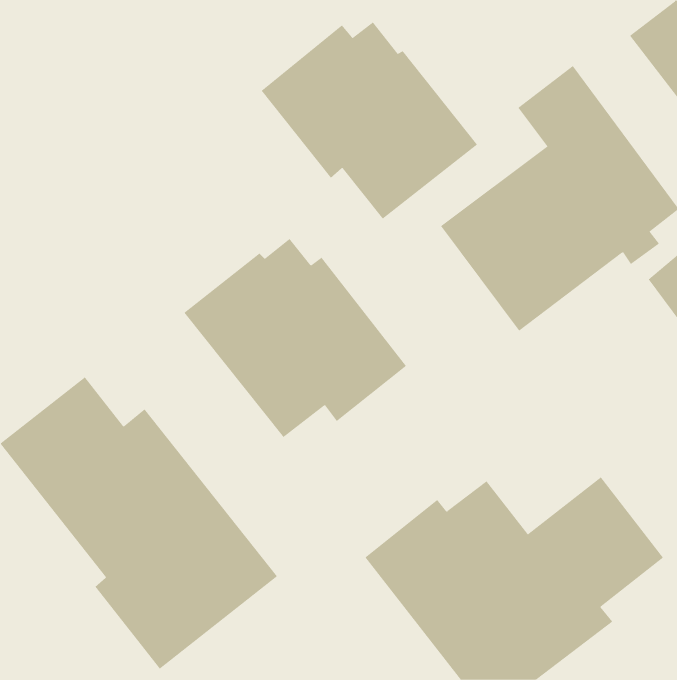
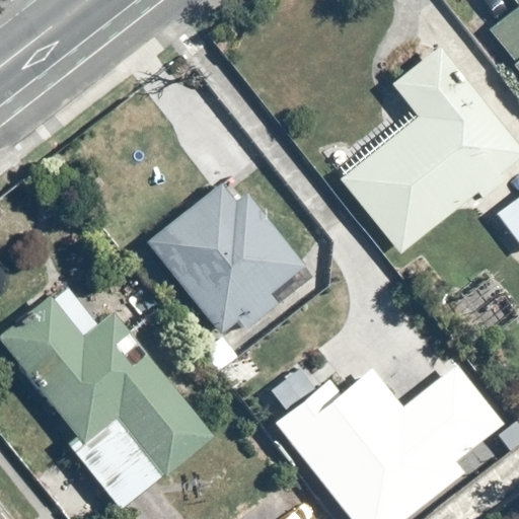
building: [261,22,478,219] -> none

